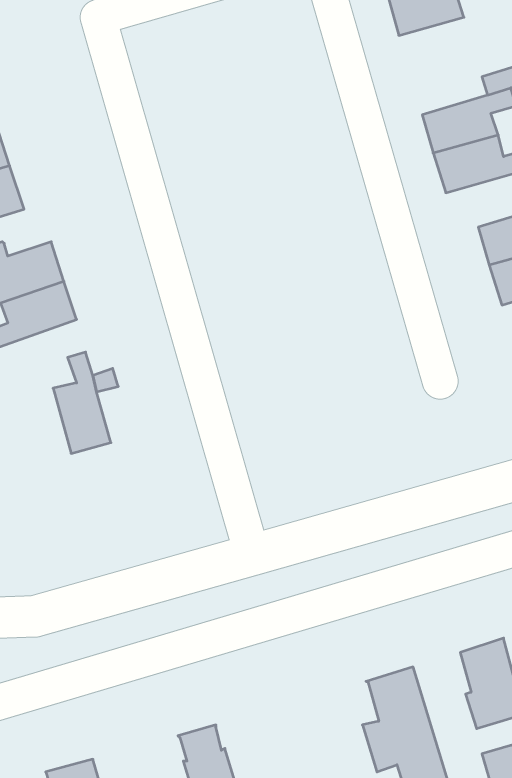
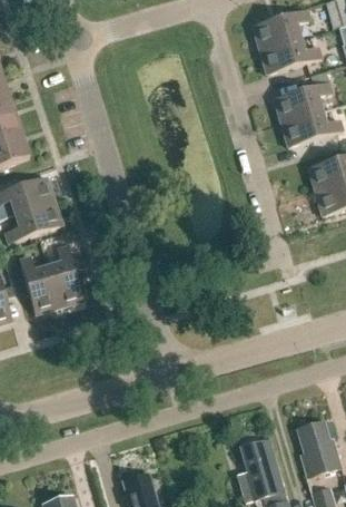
building: none -> [259,38,322,74]
building: none -> [19,255,58,313]

